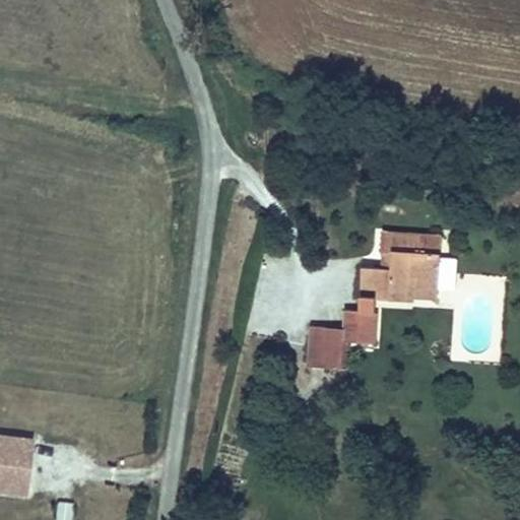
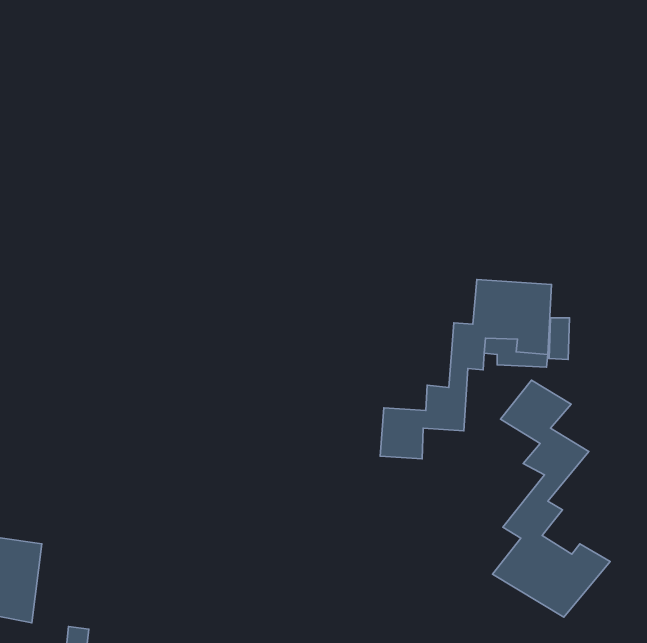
building: none -> [493,380,610,617]

